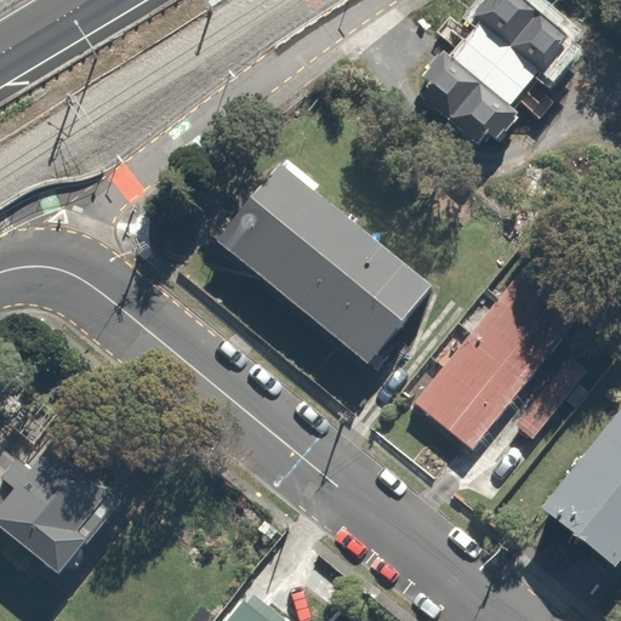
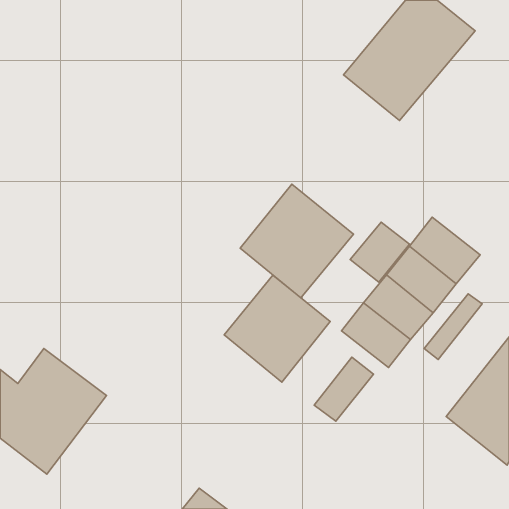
building: [217,164,355,302] -> none
building: none -> [350,222,409,282]
building: none -> [224,275,330,382]
building: none -> [314,357,374,421]

